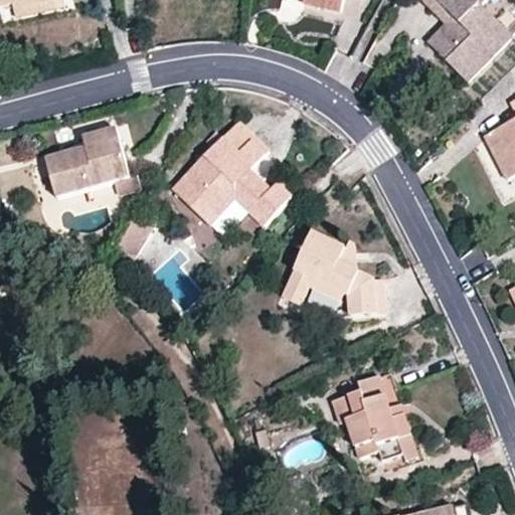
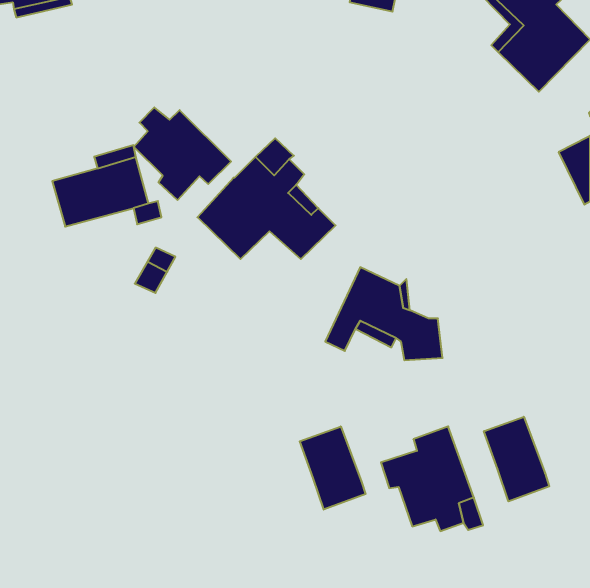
building: none -> [134,107,231,200]
building: none -> [484,417,549,501]
building: none -> [300,426,366,510]

